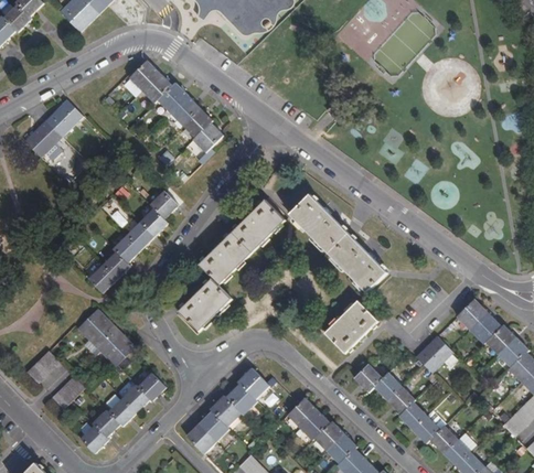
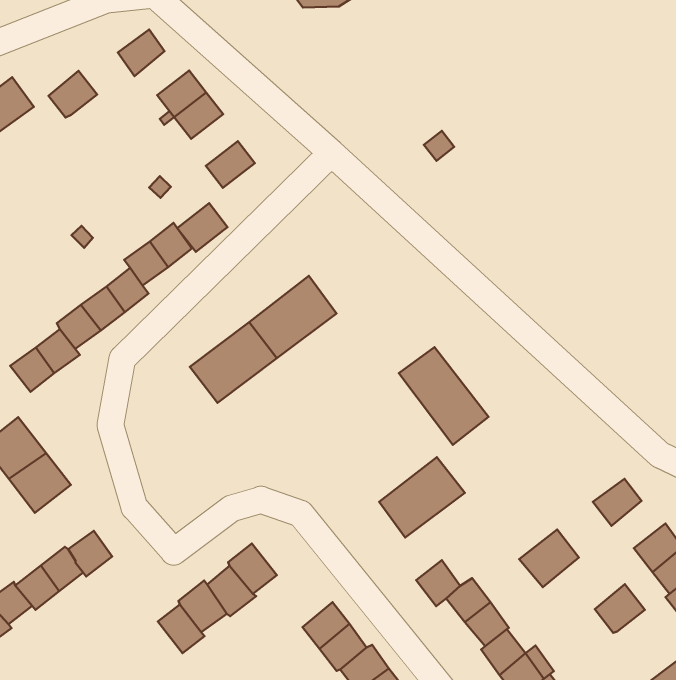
building: [142,73,172,103] -> [48,71,97,118]
building: [182,107,213,138] -> [177,203,228,252]
building: [290,194,348,252] -> none
building: [179,279,232,331] -> none
building: [470,312,501,343] -> [595,584,645,633]
building: [186,423,216,453] -> none

